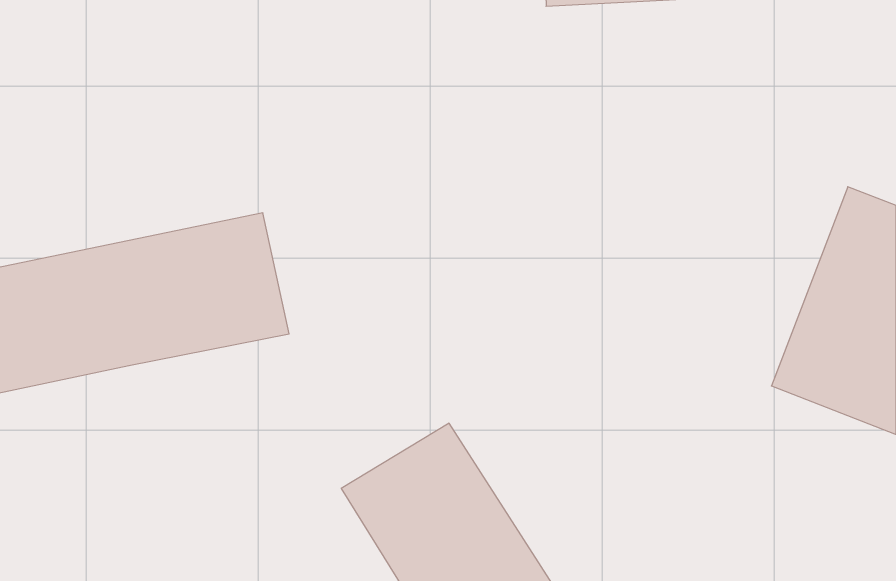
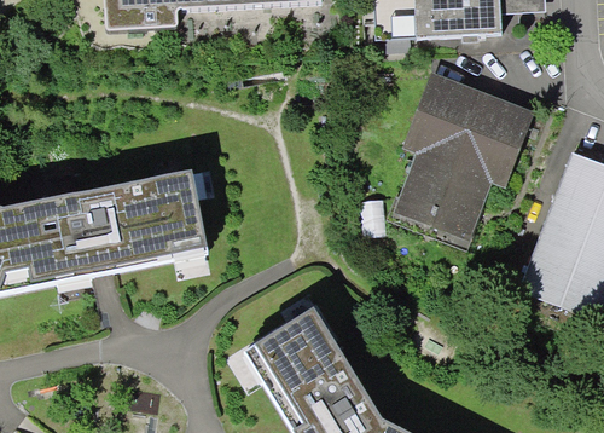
building: none -> [401,75,533,233]

